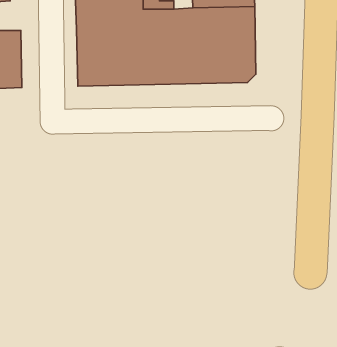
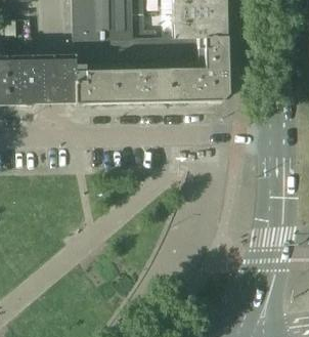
building: none -> [23,54,72,104]

